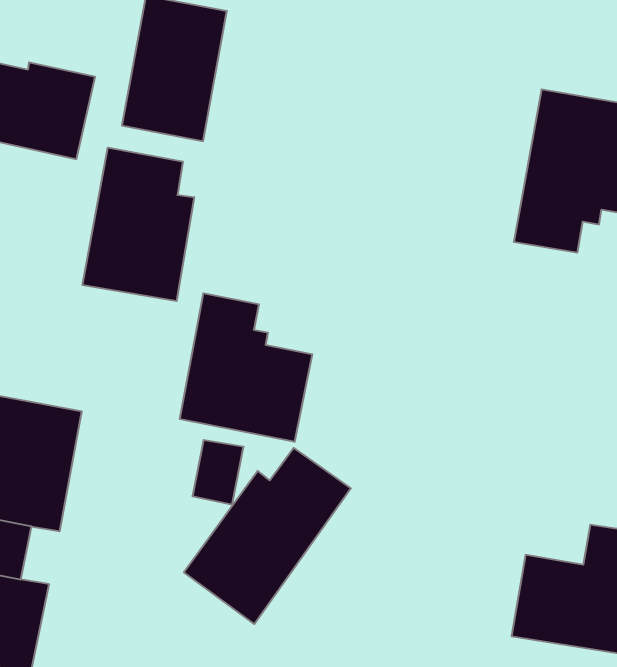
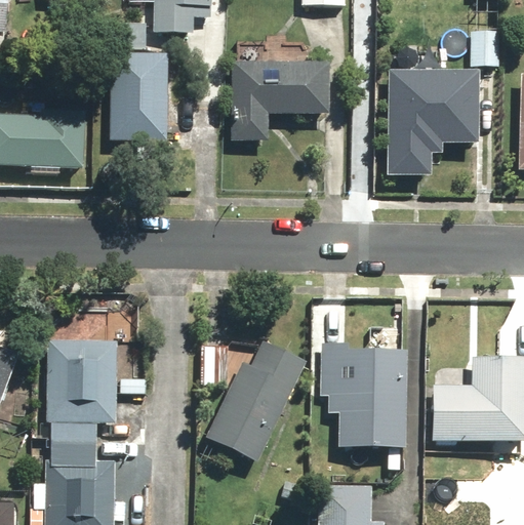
building: none -> [231,62,330,143]
building: [83,148,194,301] -> none
building: [180,293,312,442] -> none
building: none -> [319,341,407,446]

